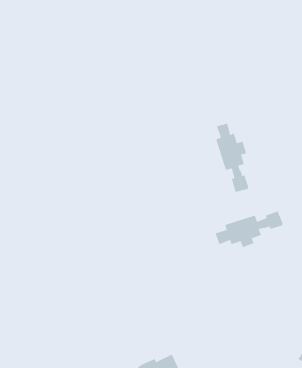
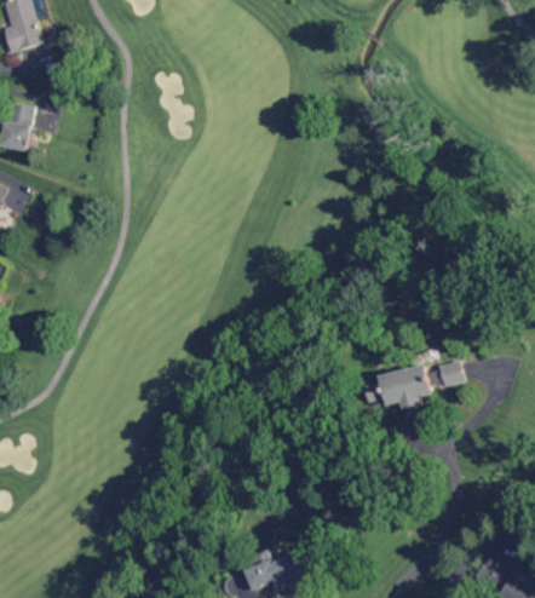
building: [216,123,249,193] -> none

